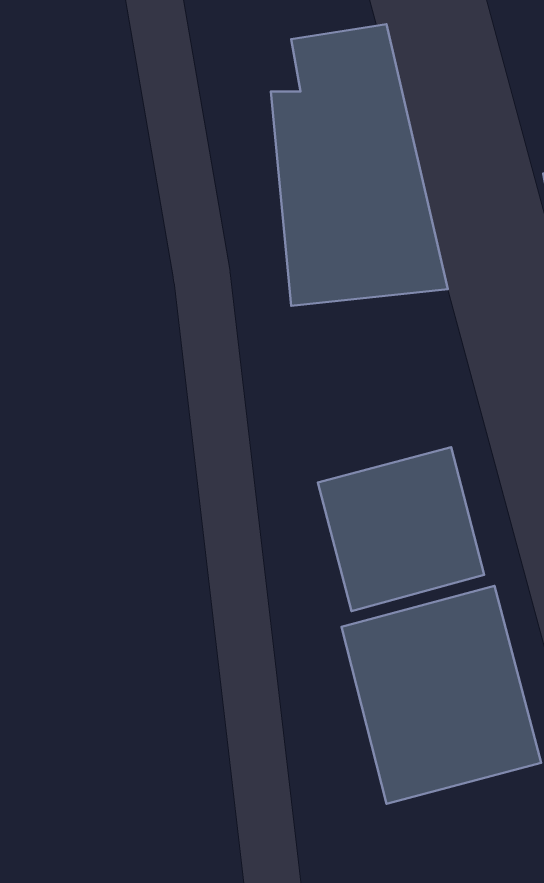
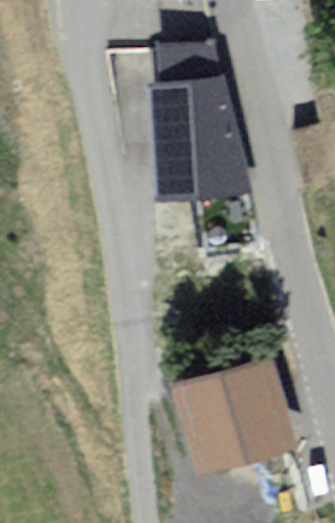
building: [318,447,484,611] -> none

